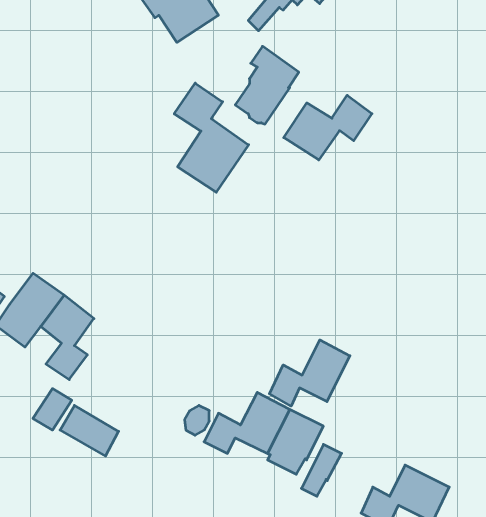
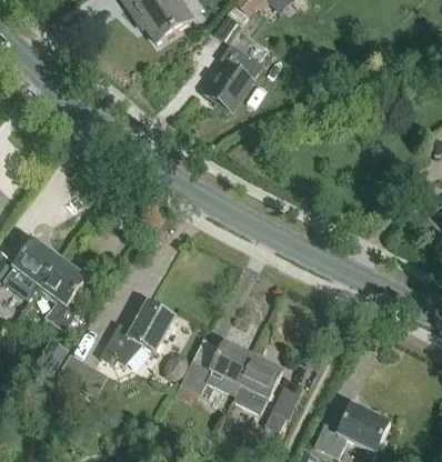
building: [174,83,249,192] -> none
building: [284,95,372,160] -> none
building: [269,340,350,406] -> none
building: none -> [101,301,175,365]

